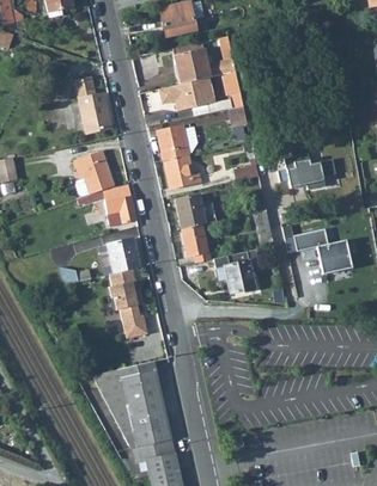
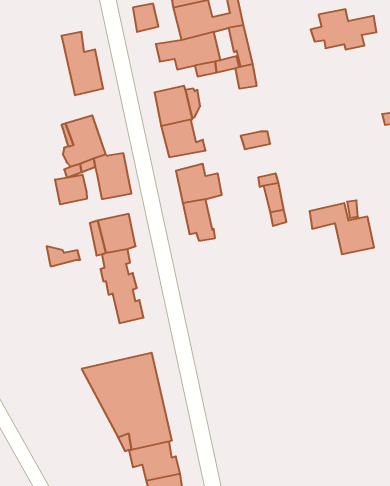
building: [276,154,335,190] -> [311,9,377,50]
building: none -> [55,175,87,204]
building: [213,250,259,294] -> none

